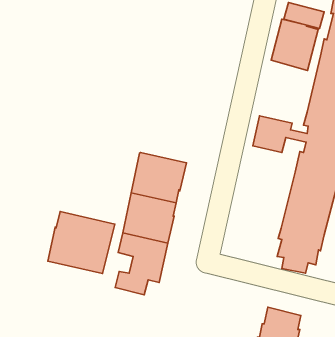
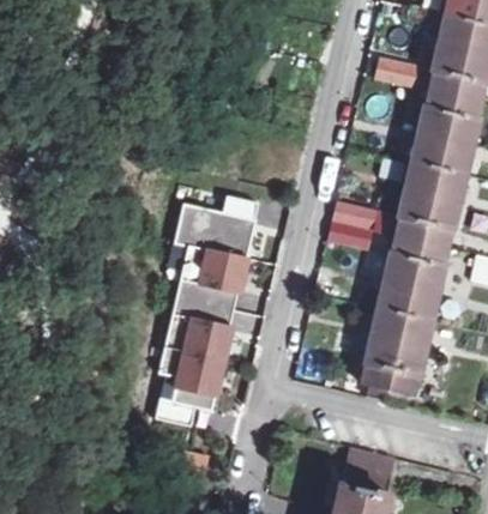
building: [271,19,318,70] -> none
building: none -> [174,202,257,260]
building: [48,212,115,274] -> none

